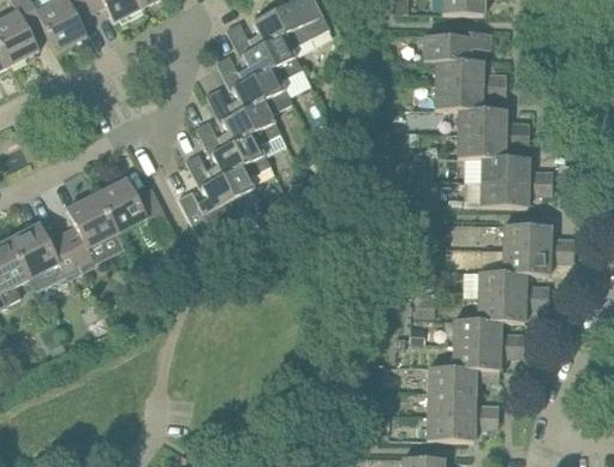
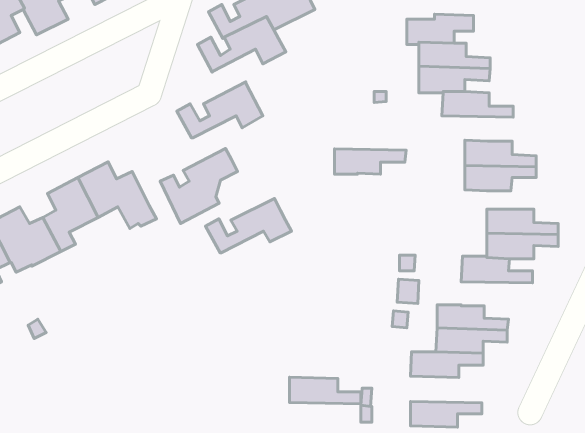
building: [205,66,285,121] -> none
building: [185,132,270,186] -> [206,198,291,253]
building: [458,132,529,157] -> [335,149,406,174]
building: [477,297,548,322] -> none
building: [427,390,497,417] -> [290,377,361,404]

